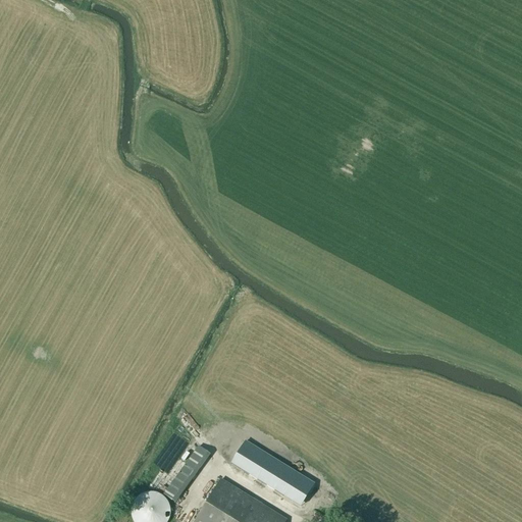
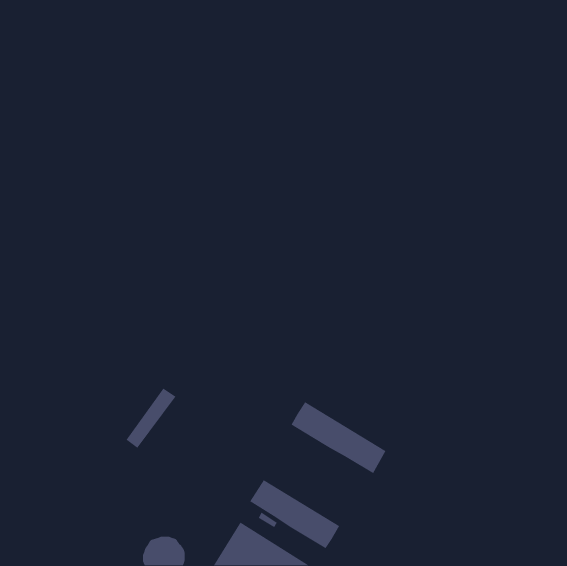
building: none -> [291,401,387,474]
building: [164,446,211,502] -> [125,388,176,449]

